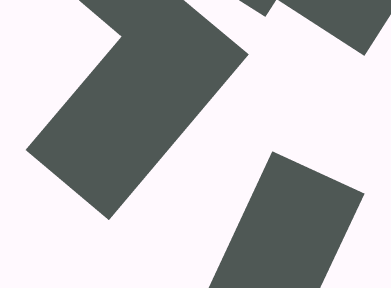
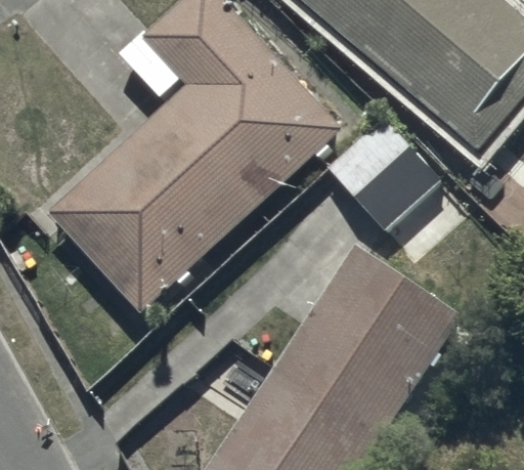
building: none -> [324,114,441,231]

